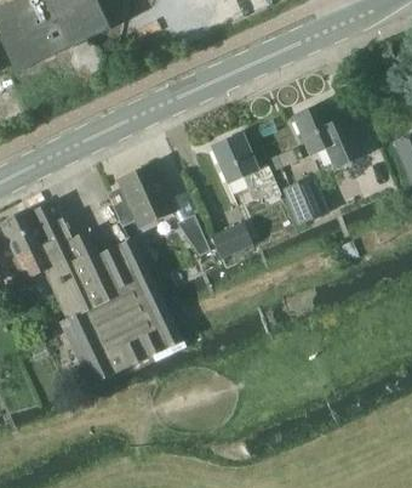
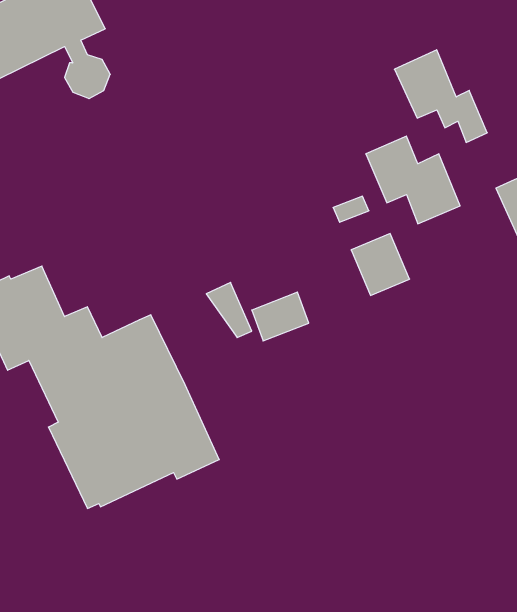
building: [211,132,280,202] -> [394,50,487,142]
building: [107,164,174,226] -> none

